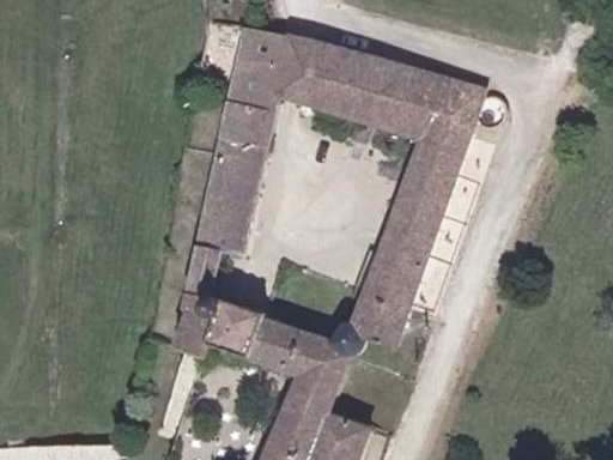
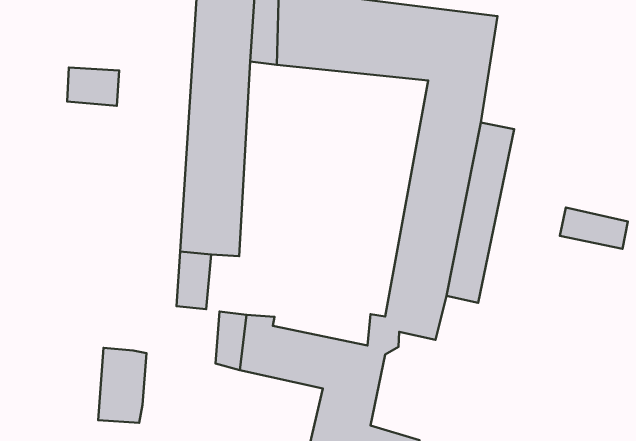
building: none -> [67,67,119,106]
building: none -> [560,207,628,249]
building: [171,288,219,353] -> [98,348,147,423]

